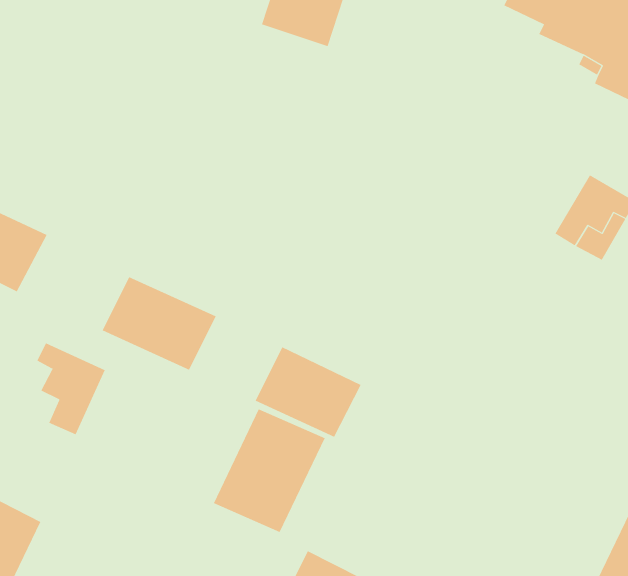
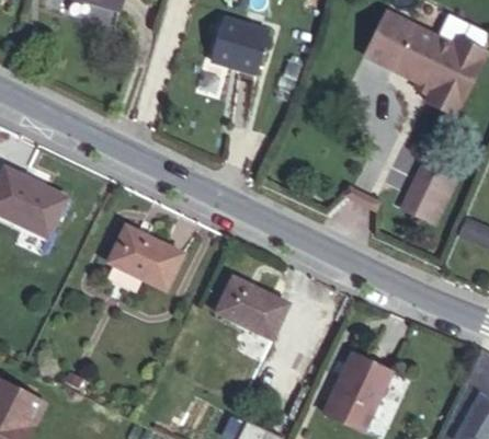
building: [36,342,106,435] -> none
building: [213,409,325,533] -> none
building: none -> [316,350,380,427]

